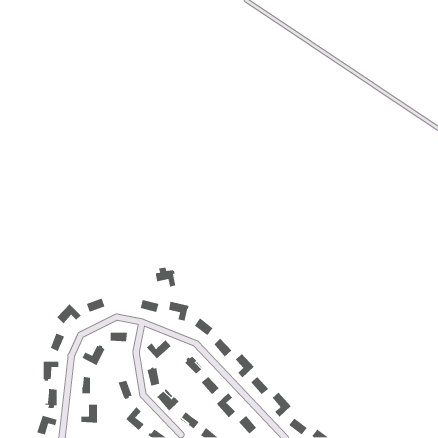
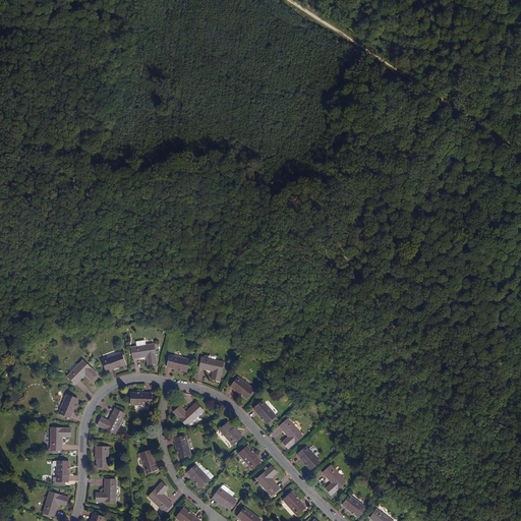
building: [155,267,176,287] -> [131,341,157,365]

